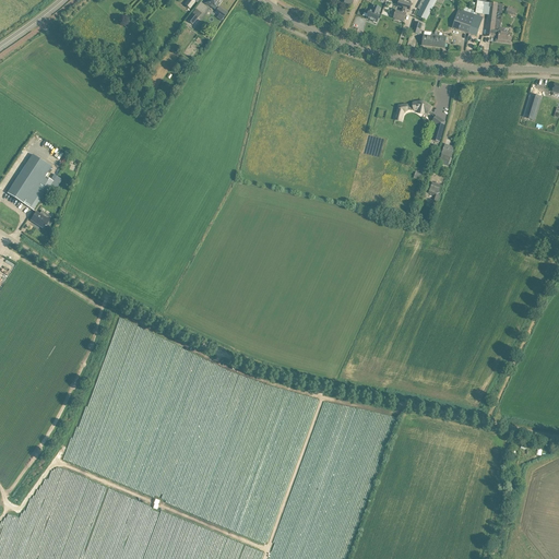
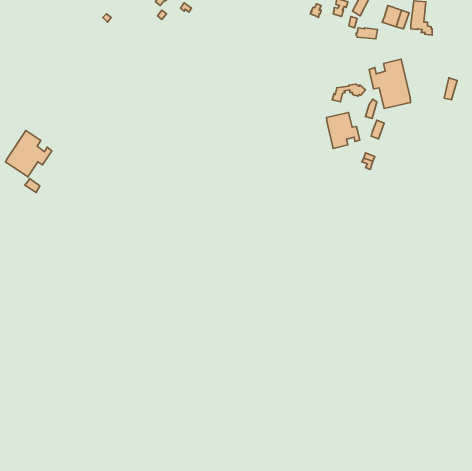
building: none -> [369,59,411,109]
building: none -> [326,113,360,148]

